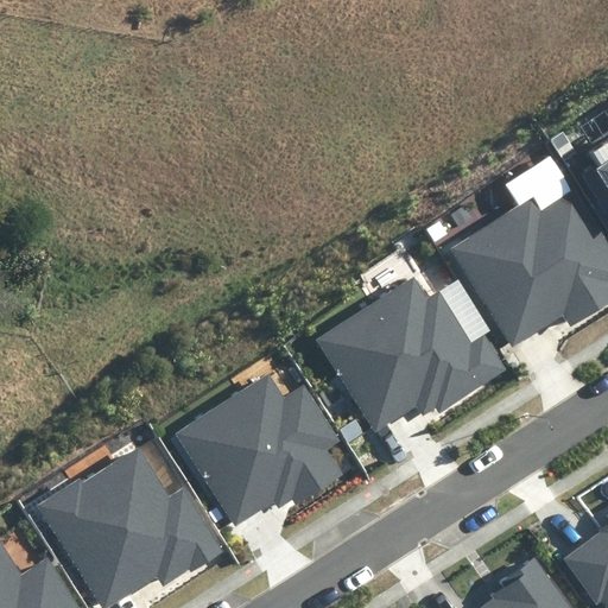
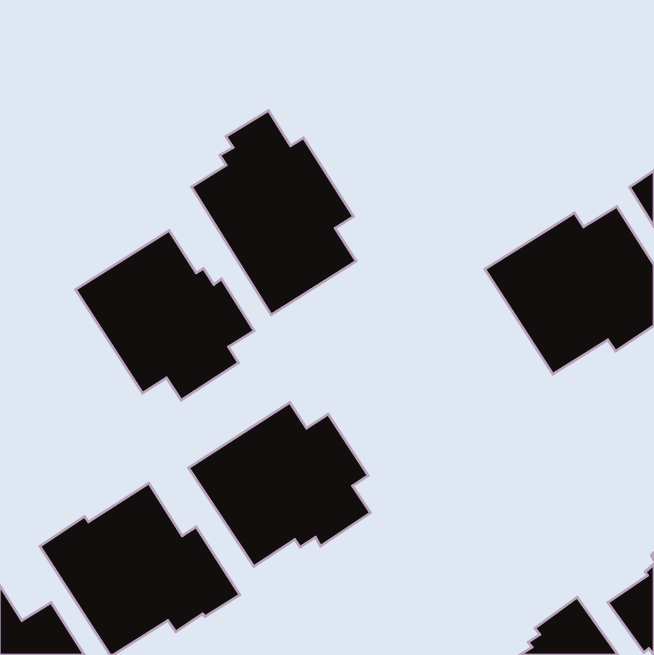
building: none -> [191,111,356,315]
building: none -> [76,231,254,400]
building: [315,277,507,432] -> none

